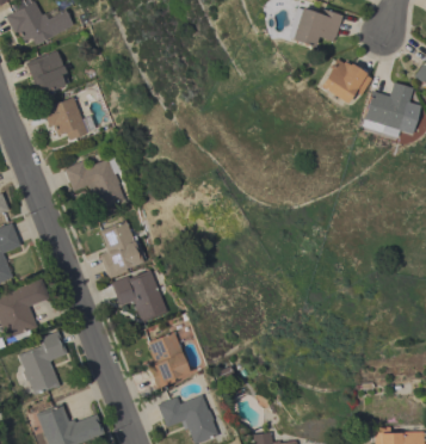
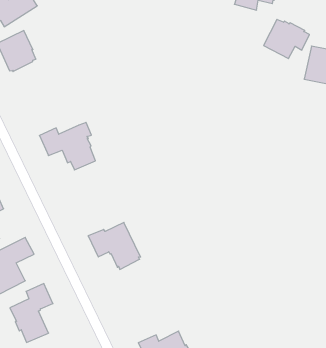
building: [42,95,95,140] -> none
building: [100,220,148,278] -> none
building: [148,331,190,388] -> none

